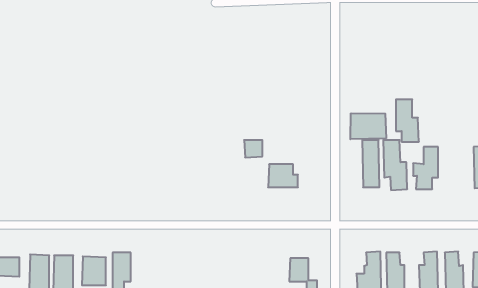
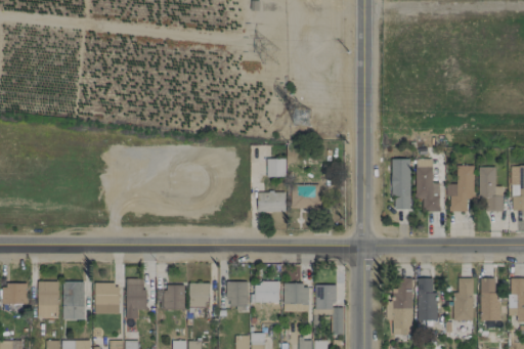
building: [396,99,419,142] -> [479,167,504,212]
building: [350,113,386,139] -> none
building: none -> [259,192,287,213]
building: none -> [228,282,249,310]
building: none -> [253,282,279,303]
building: none -> [189,283,210,307]
building: none -> [283,285,309,312]
building: none -> [165,286,185,309]

